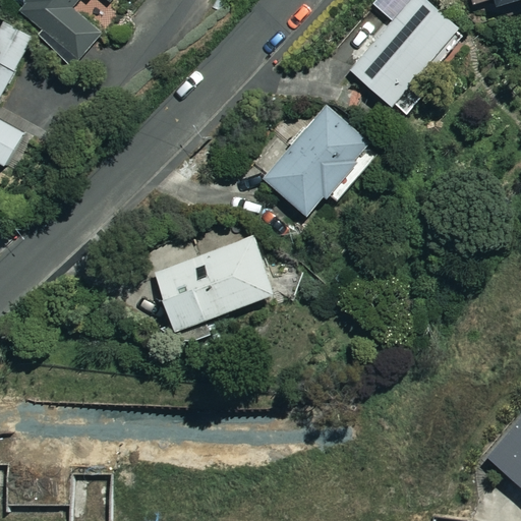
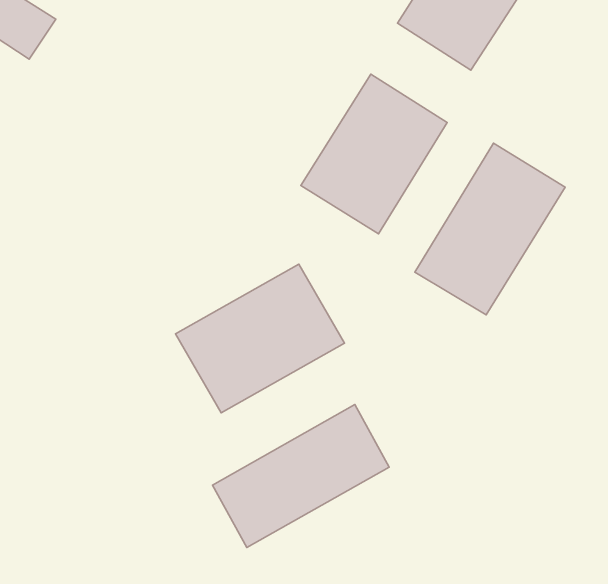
building: none -> [415,143,565,315]
building: none -> [212,405,389,548]

